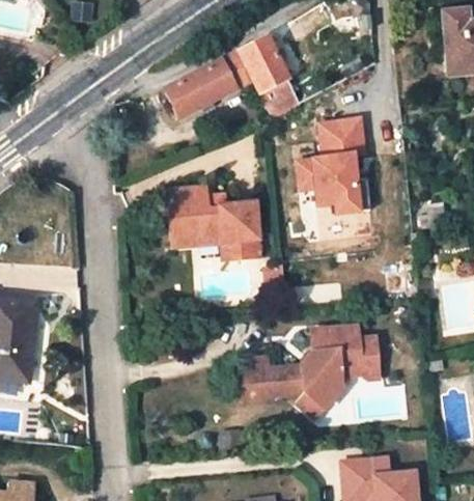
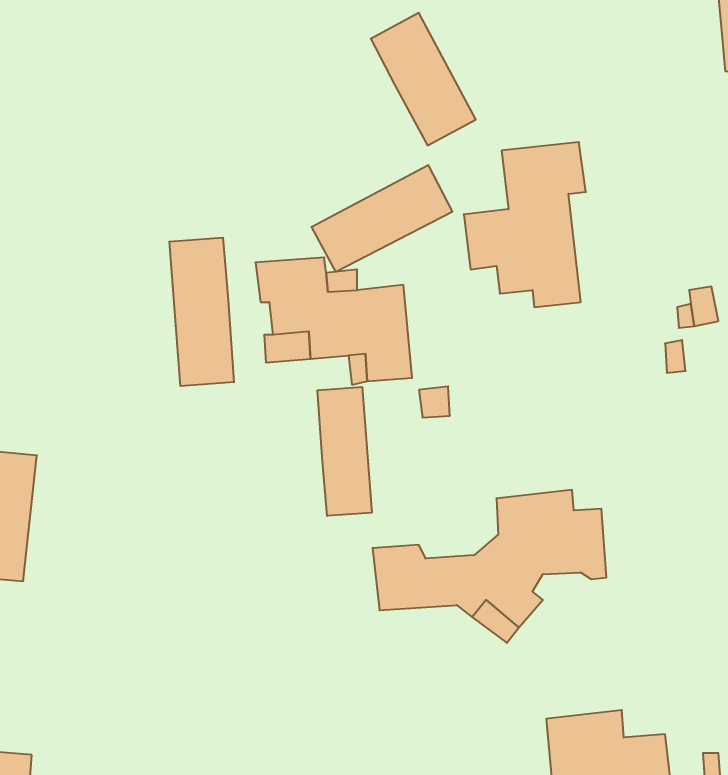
building: [166,53,251,117] -> [311,165,452,272]
building: none -> [169,238,234,386]
building: none -> [317,387,372,516]

